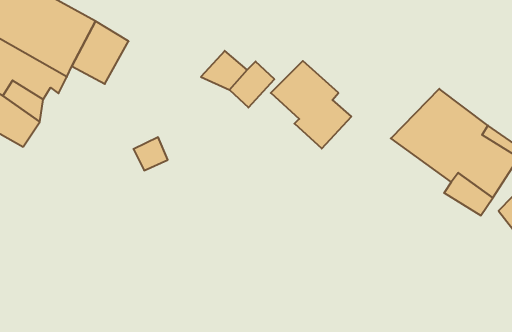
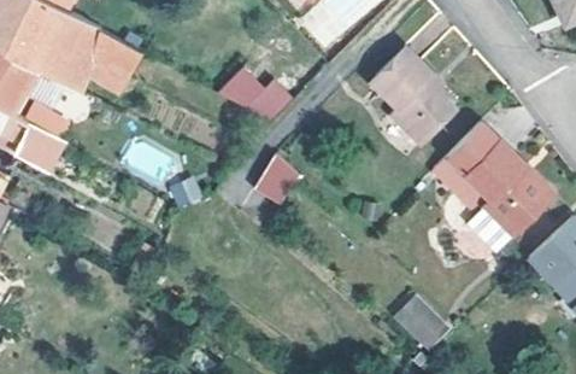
building: [271,61,351,149] -> [370,48,452,138]
building: none -> [249,151,299,201]
building: none -> [388,288,447,347]

